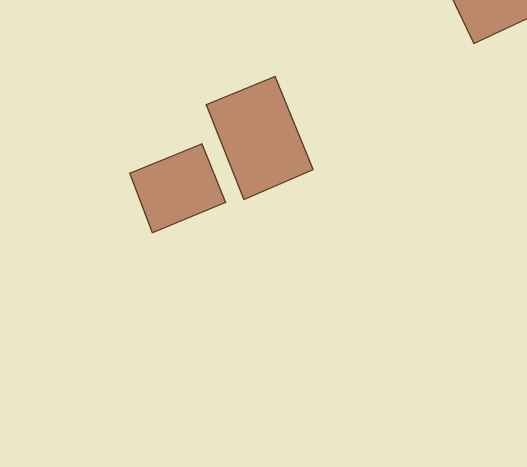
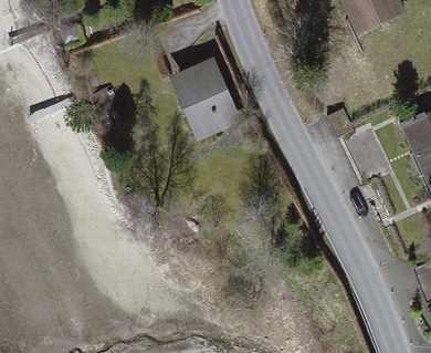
building: [130,144,226,233] -> none

